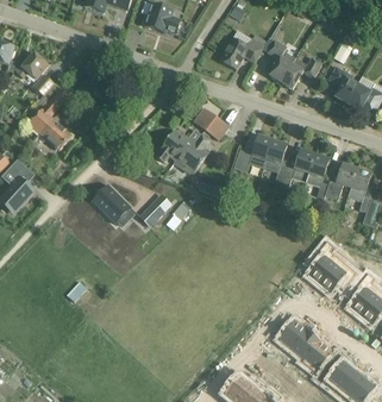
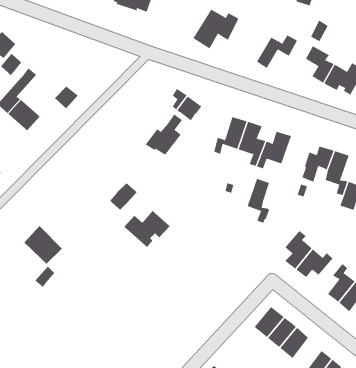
building: [267,39,295,81] -> none
building: [155,128,194,162] -> none
building: [306,153,328,197] -> [247,178,270,223]
building: [92,183,131,222] -> [23,225,64,266]
building: none -> [123,210,170,248]

